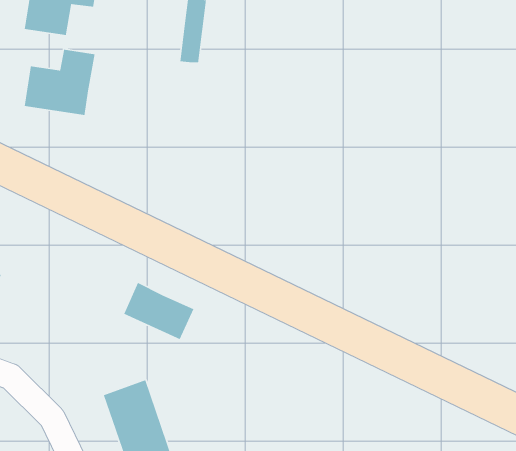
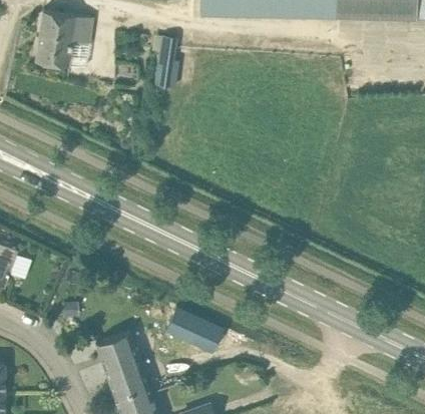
building: [24,49,95,116] -> none
building: [123,282,194,340] -> [166,307,222,352]

